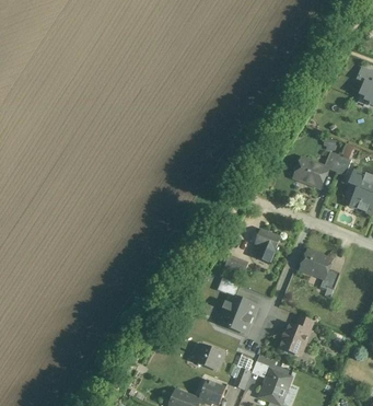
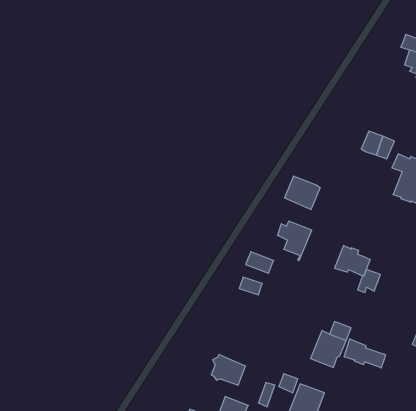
building: [295,158,326,186] -> [285,176,320,209]
building: [220,292,257,333] -> none
building: none -> [344,339,385,368]

